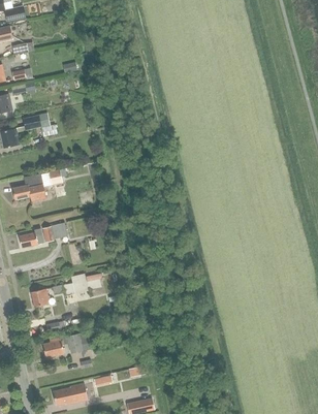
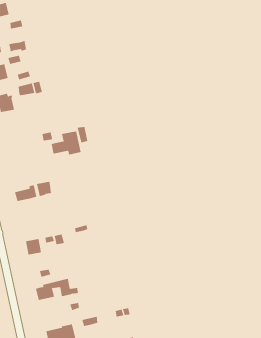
building: [11,173,45,200] -> [51,131,81,155]

